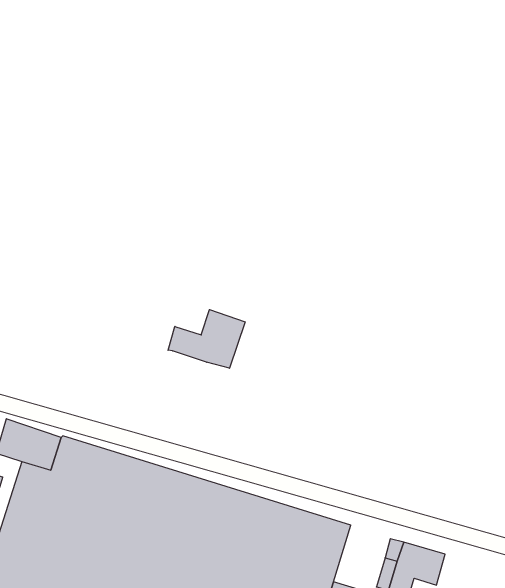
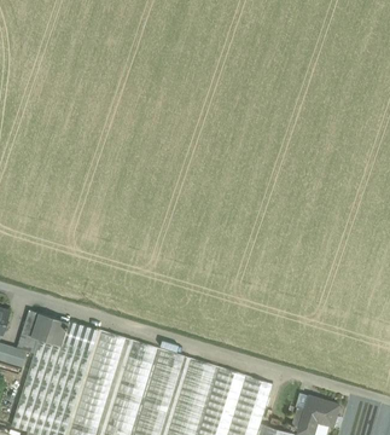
building: [168,310,245,368] -> none

